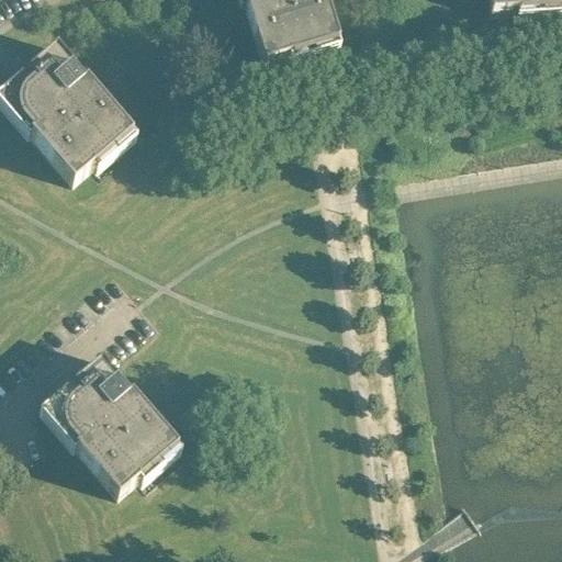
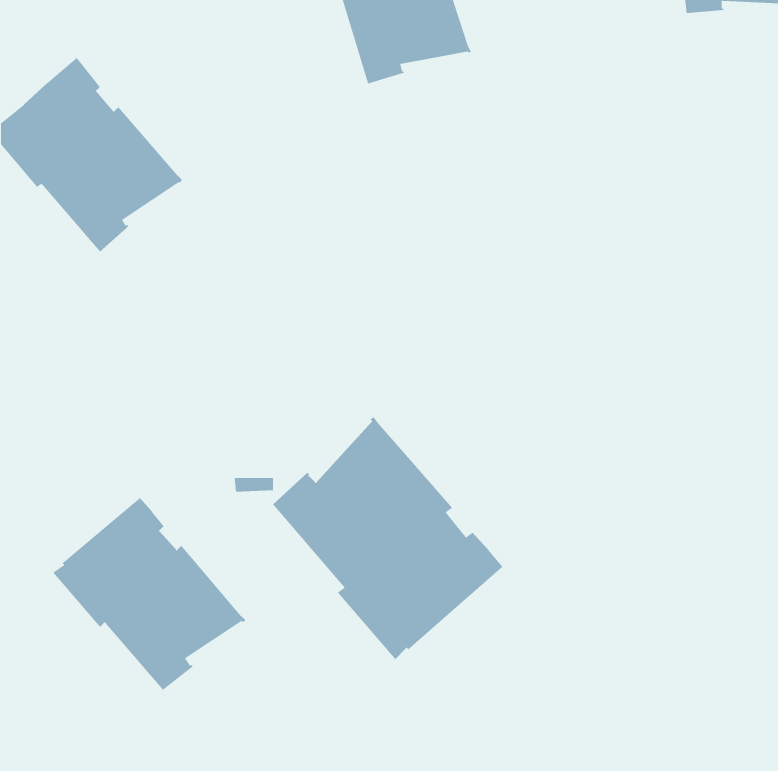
building: none -> [272,416,503,660]

